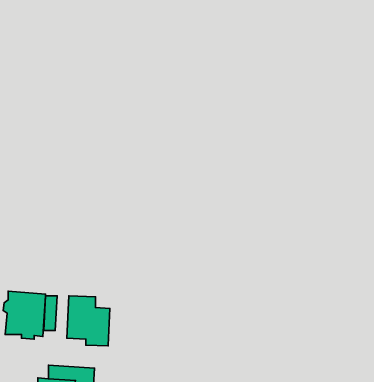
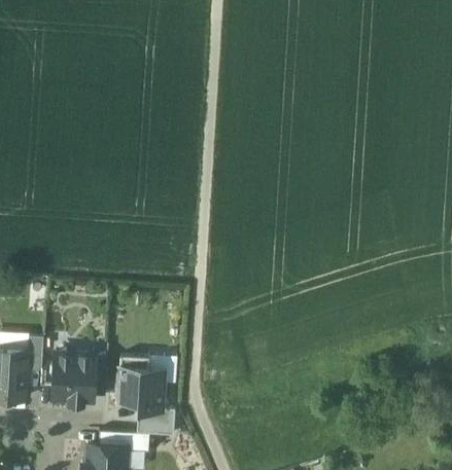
building: none -> [136,409,174,435]

